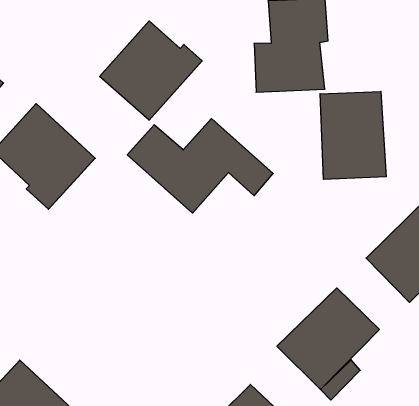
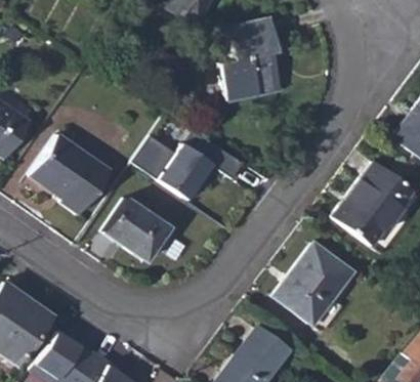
building: [100,21,202,120] -> none
building: [320,91,386,179] -> none
building: none -> [103,199,170,261]

